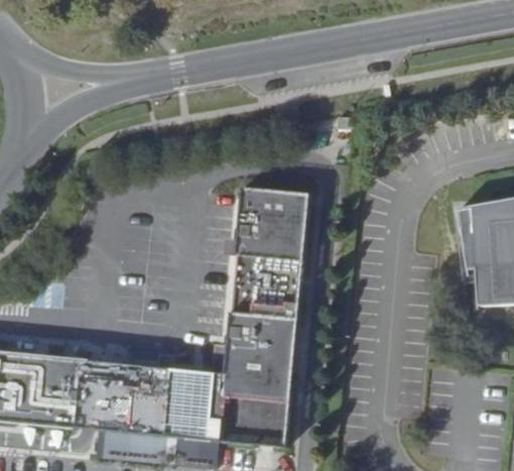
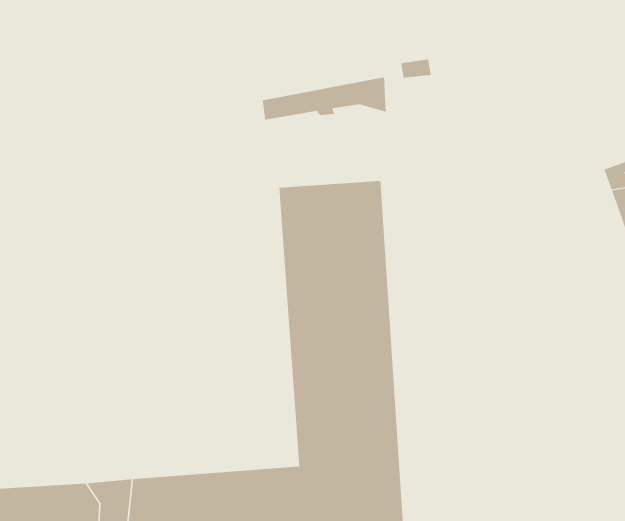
building: none -> [262,77,386,120]

